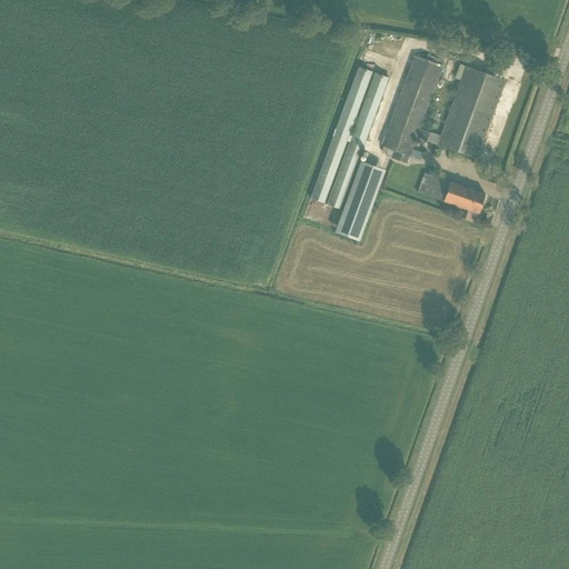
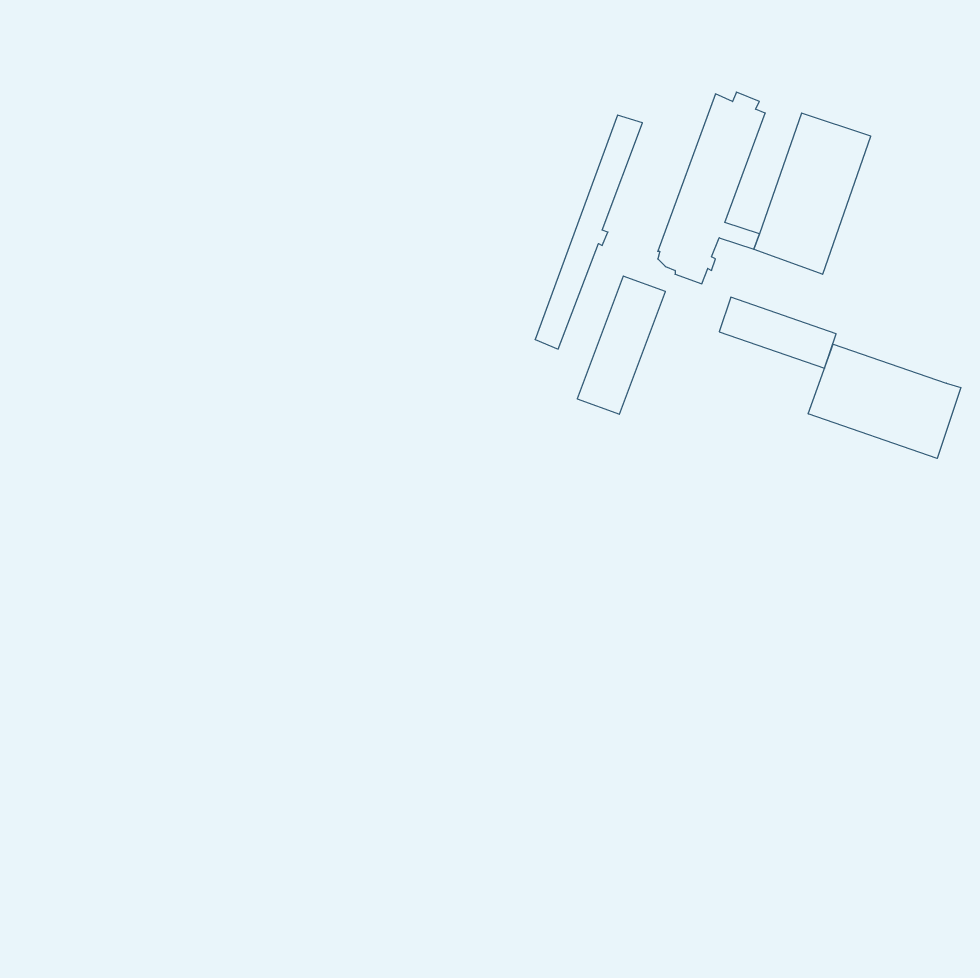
building: [327,72,388,208] -> none
building: none -> [808,344,961,458]

